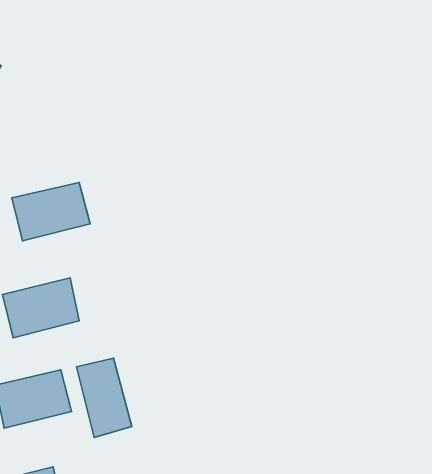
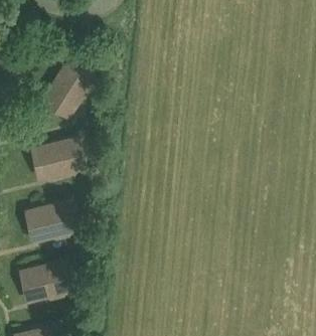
building: none -> [42,63,92,117]
building: [76,358,132,438] -> none

